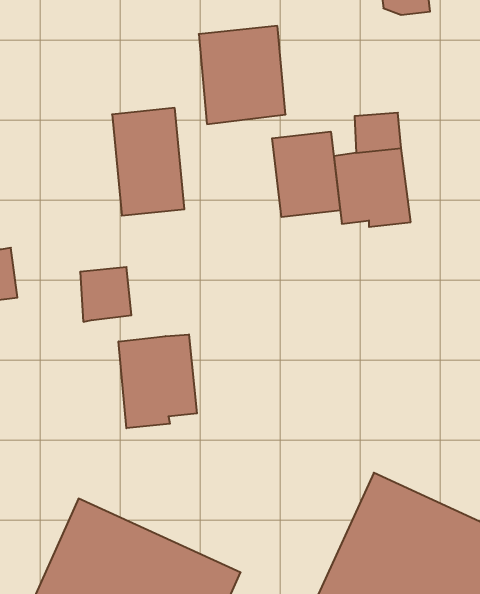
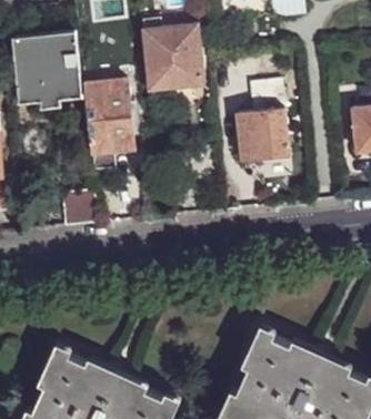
building: none -> [12,32,81,103]
building: [272,132,340,217] -> none
building: [119,334,197,428] -> none

